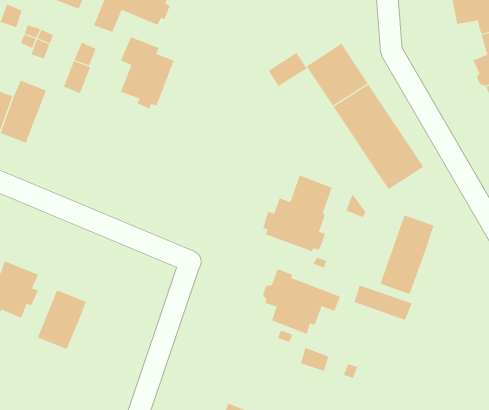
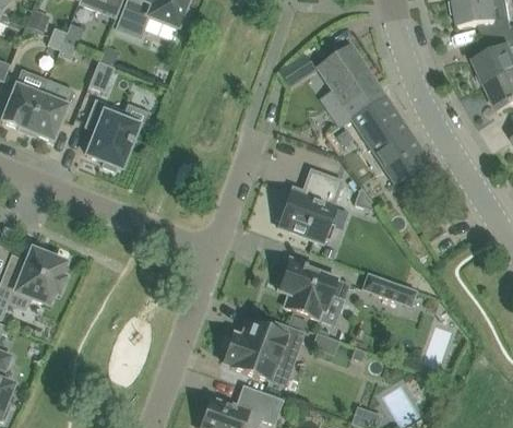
building: [120,36,175,109] -> [87,103,139,171]
building: [380,215,434,295] -> none
building: [37,289,86,350] -> none
building: none -> [224,322,305,381]

